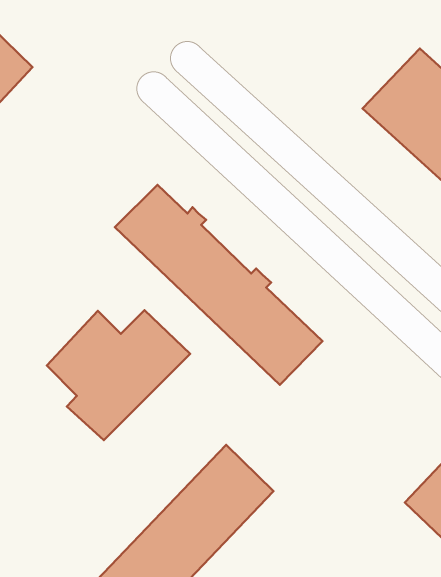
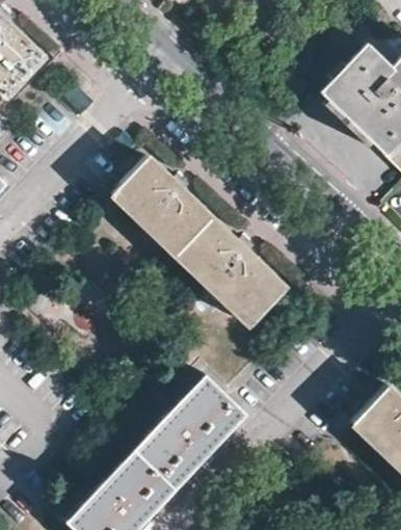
building: [47,310,190,440] -> none

